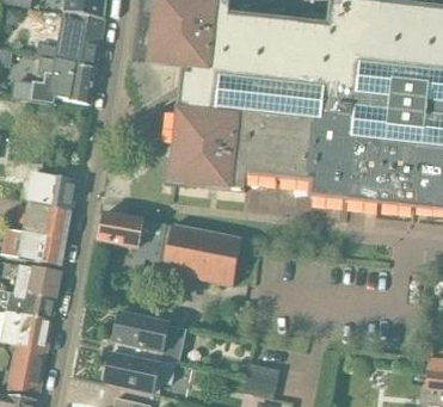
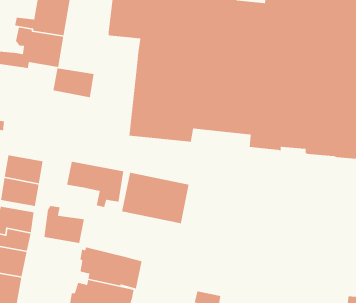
building: [26,173,75,209] -> [53,67,94,98]
building: none -> [43,205,85,244]

